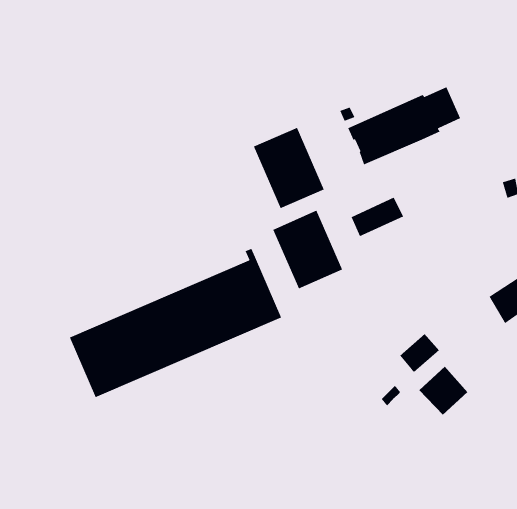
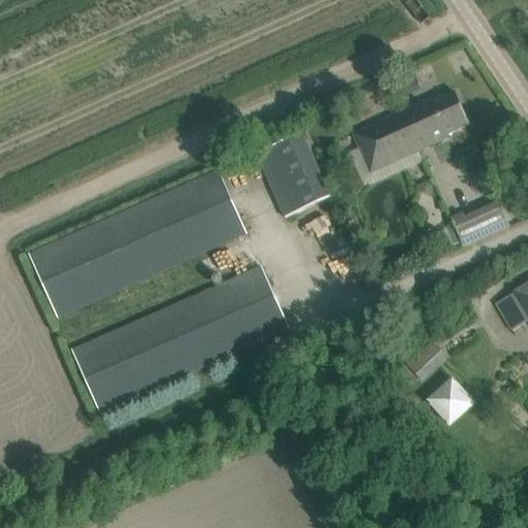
building: none -> [29,169,250,312]
building: [350,197,404,237] -> [453,204,507,245]
building: [272,210,343,290] -> none

